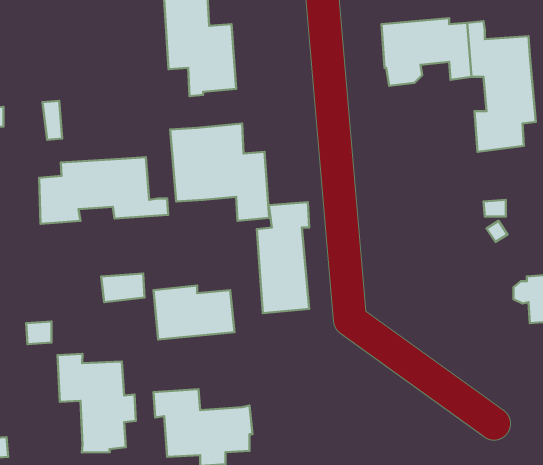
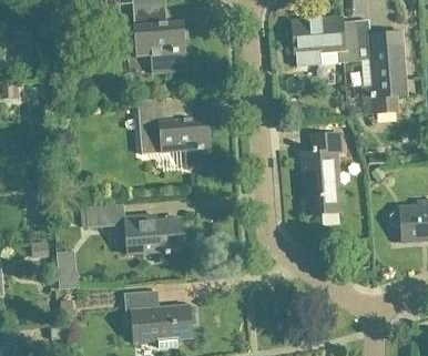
building: [39,157,168,224] -> none
building: [257,202,309,313] -> [303,132,342,214]
building: [57,354,136,452] -> none

